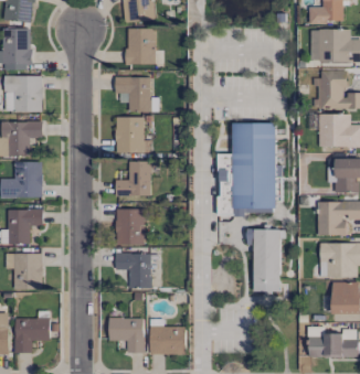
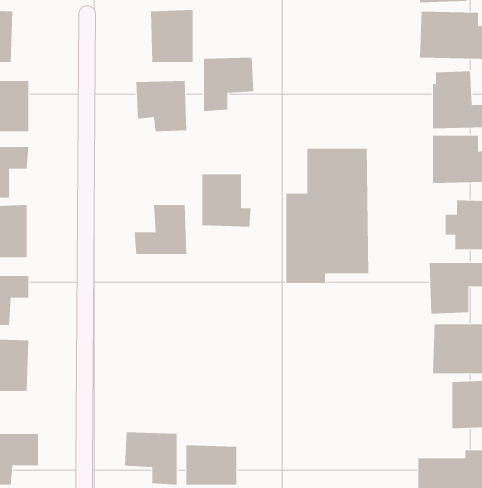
building: none -> [203,57,254,112]
building: [116,117,150,153] -> [202,174,252,227]
building: [115,209,145,245] -> none
building: [246,228,279,291] -> none
building: [115,253,151,288] -> none

